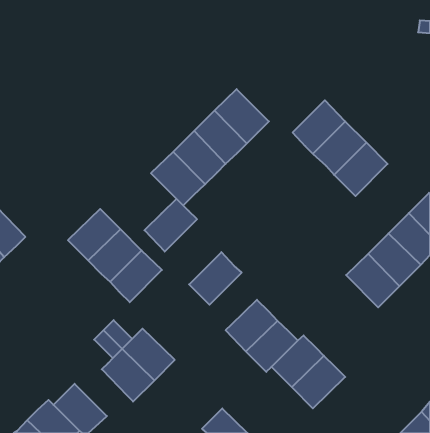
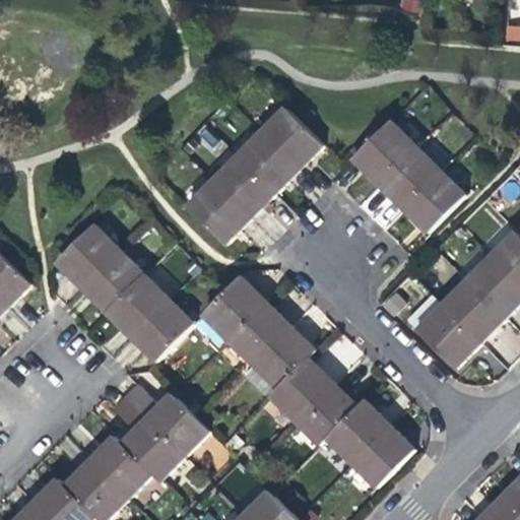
building: none -> [56,223,120,287]
building: [144,199,197,252] -> [202,277,265,340]
building: none -> [251,326,315,389]
building: none -> [89,435,152,498]

